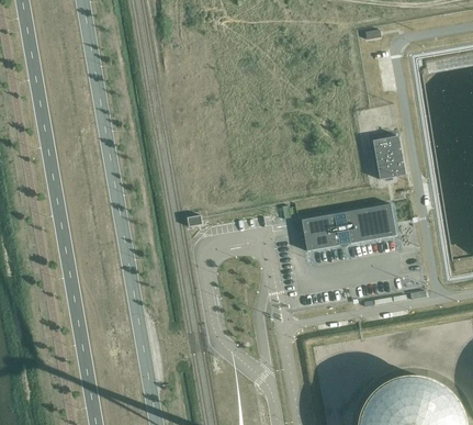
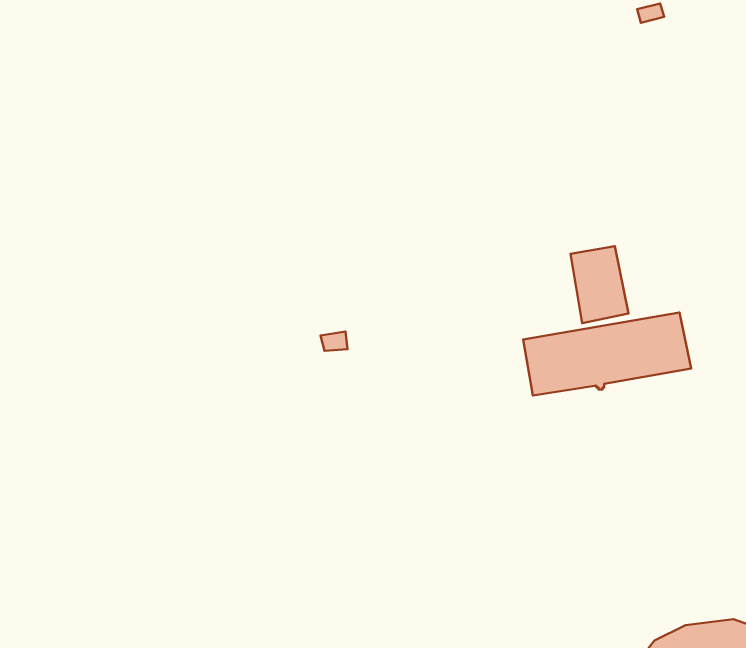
building: [373,134,406,178] -> [571,246,628,323]

